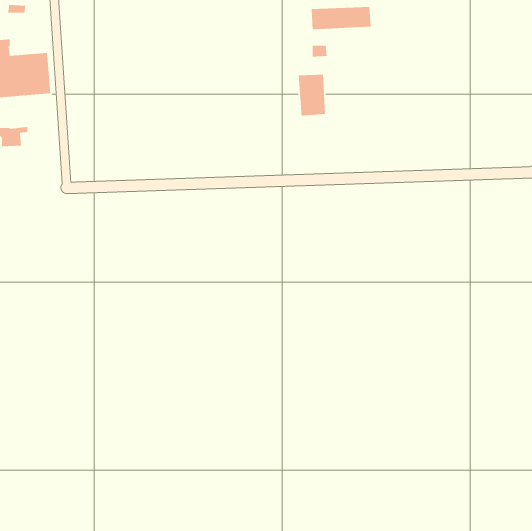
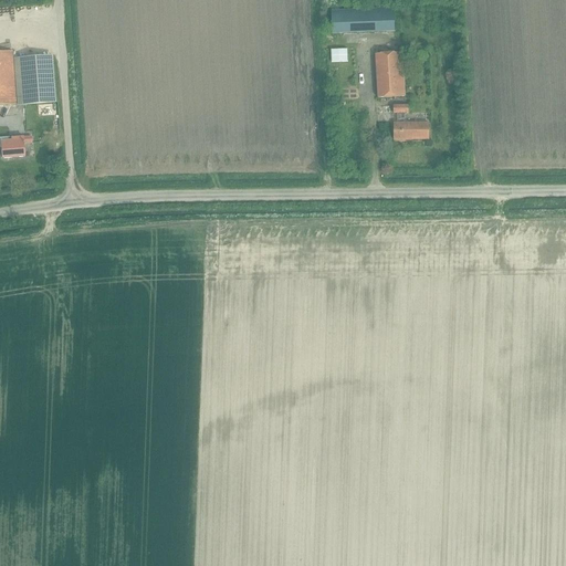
building: [298,74,326,117] -> [374,51,403,96]
building: none -> [392,103,428,137]

